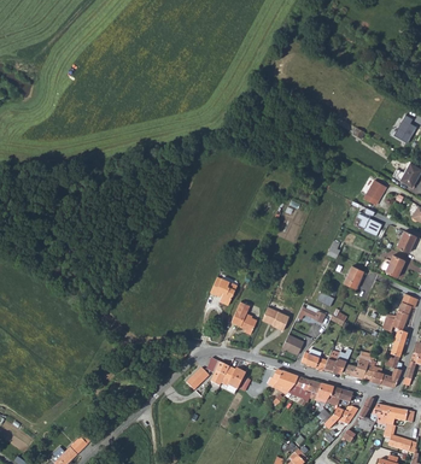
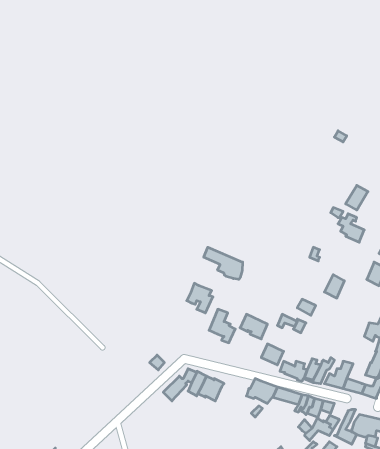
building: none -> [204,247,243,279]

